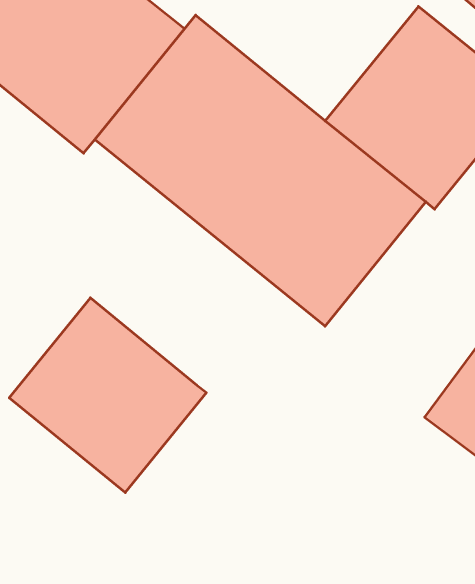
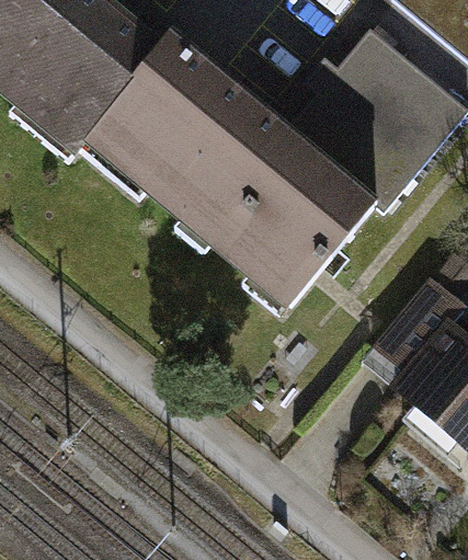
building: [9,298,206,493] -> none

